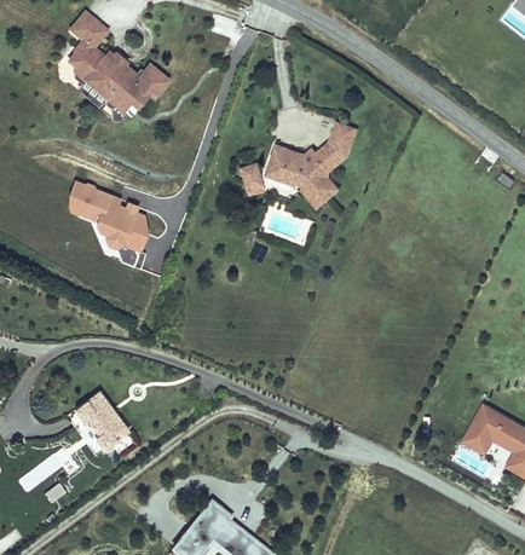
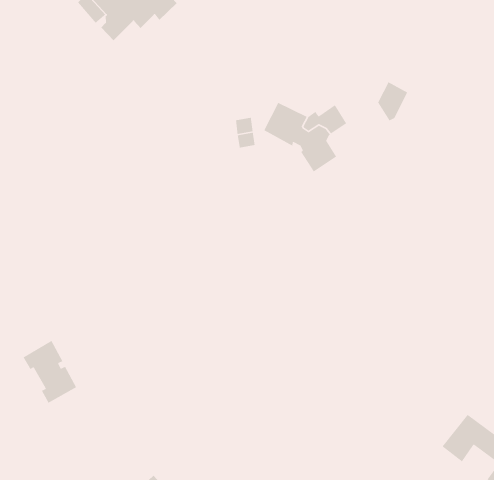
building: [327,122,353,158] -> [377,81,408,122]
building: [71,187,149,258] -> none

